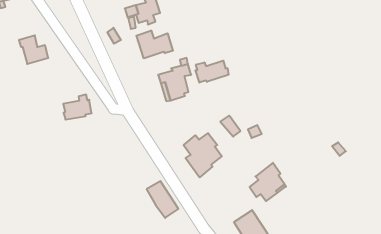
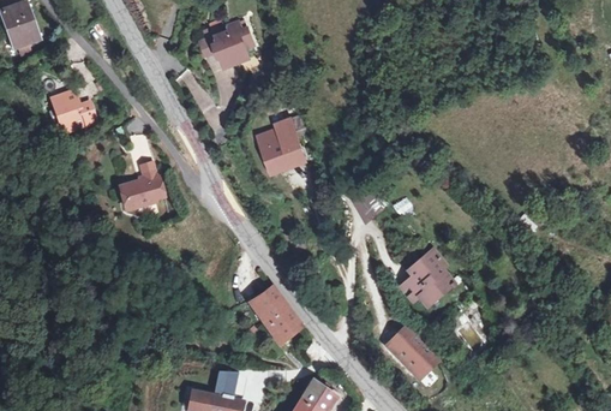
building: [136,30,173,58] -> none
building: [195,61,229,83] -> none
building: [184,133,222,177] -> none

